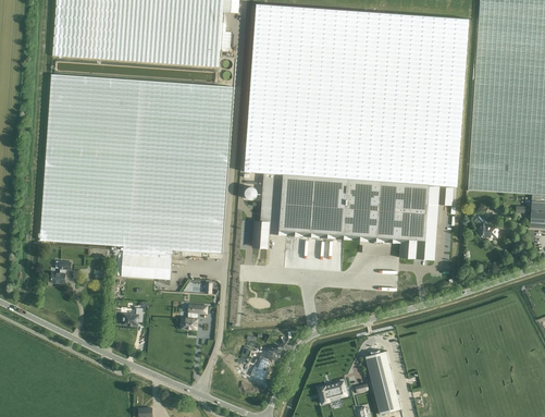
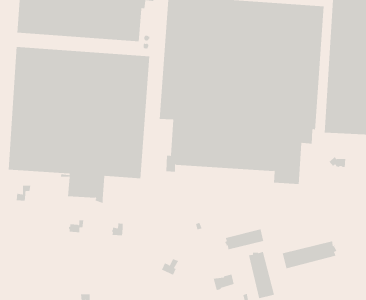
building: none -> [224,228,264,250]
building: none -> [282,241,337,269]

